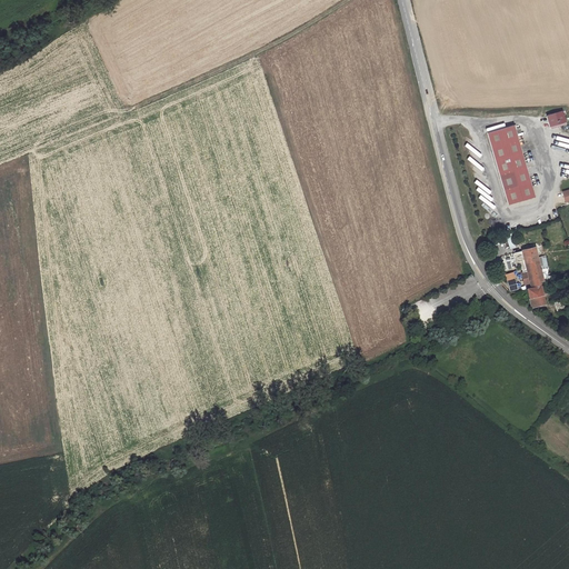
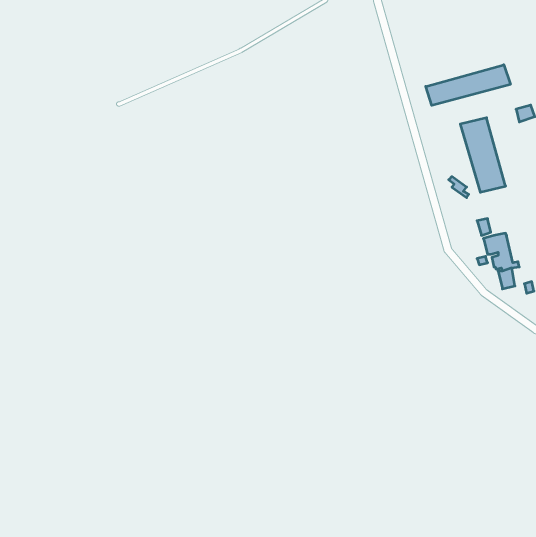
building: none -> [426,65,510,105]

